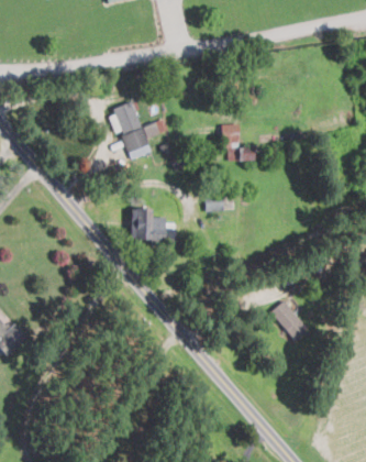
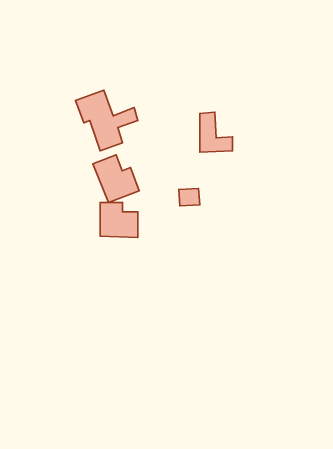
building: none -> [93,155,139,202]
building: [271,300,309,340] -> none

